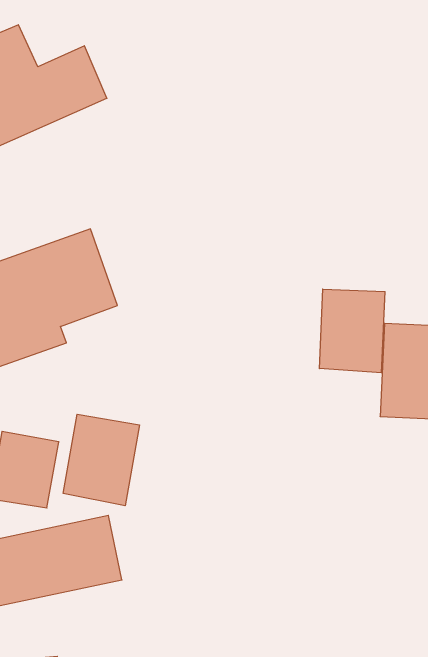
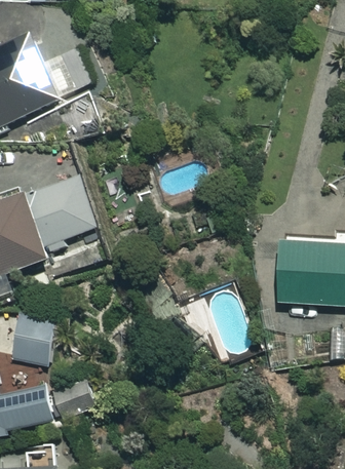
building: [319,289,385,373] -> none
building: [63,414,139,506] -> none

